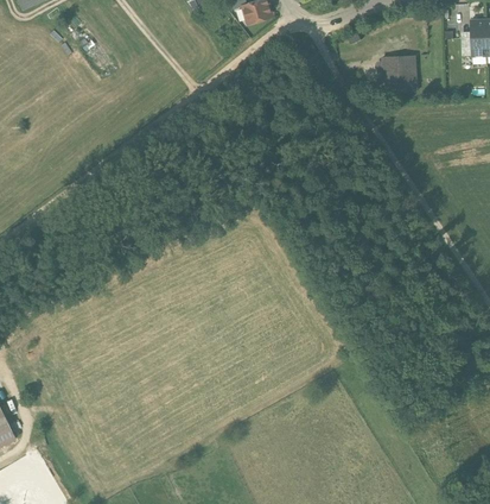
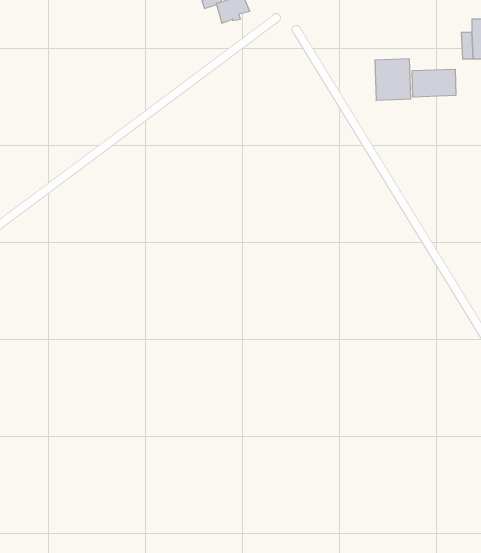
building: none -> [412,69,456,97]

